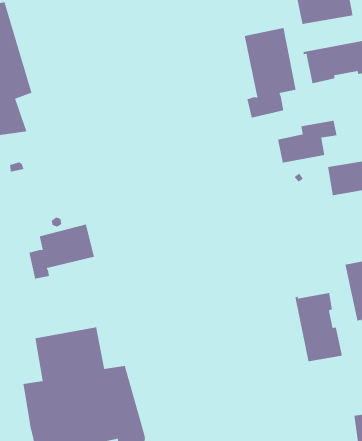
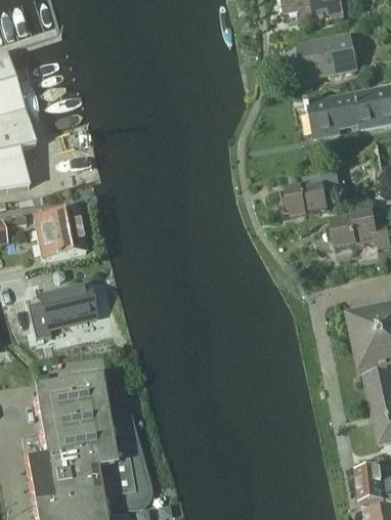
building: [244,27,296,118] -> none
building: none -> [33,206,85,257]
building: [294,292,343,362] -> none

